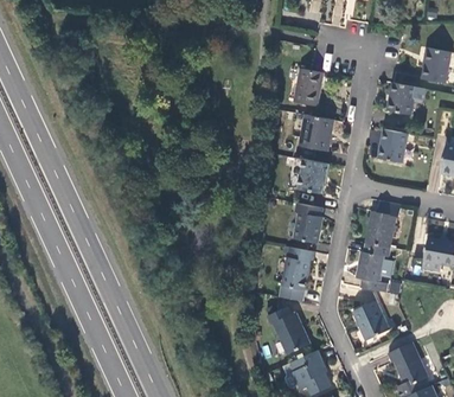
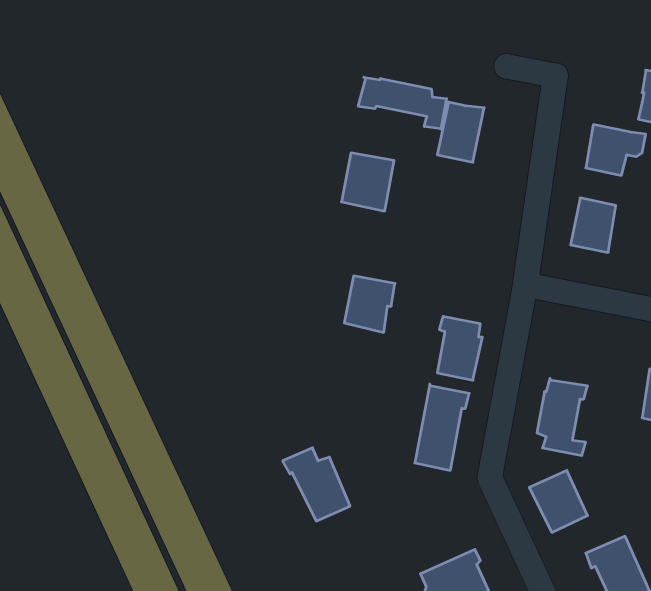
building: none -> [358,77,447,129]
building: [299,114,332,151] -> [341,153,394,211]
building: [296,158,328,193] -> [344,276,395,332]
building: [364,199,399,246] -> none
building: [266,306,308,352] -> [283,448,350,521]

